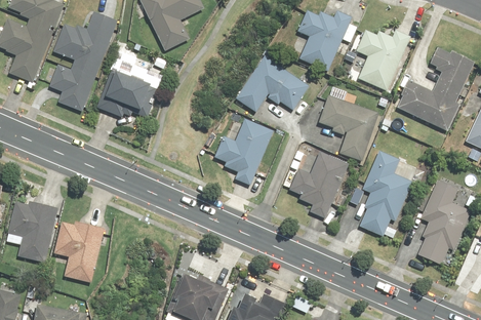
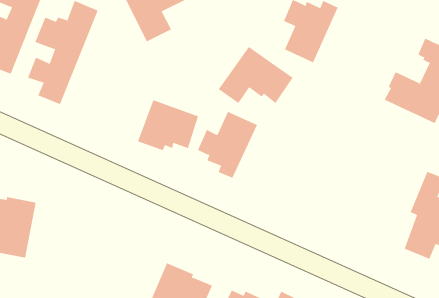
building: [355,29,410,91] -> none
building: [95,68,156,118] -> [137,100,199,151]
building: [318,93,378,160] -> none
building: [359,149,413,236] -> none
building: [286,151,348,219] -> none
building: [53,219,103,282] -> none

